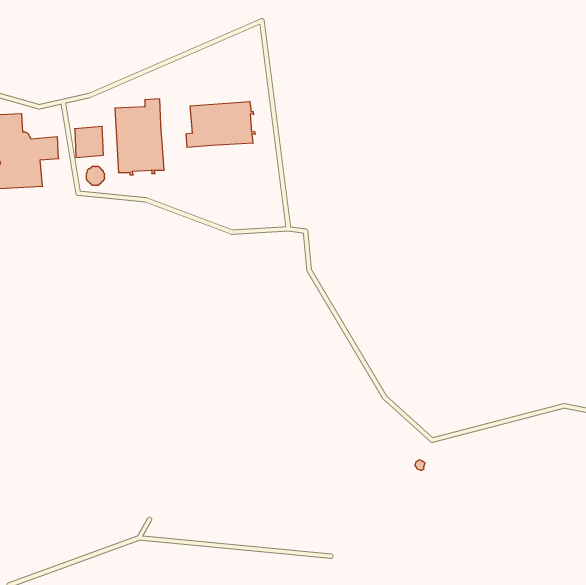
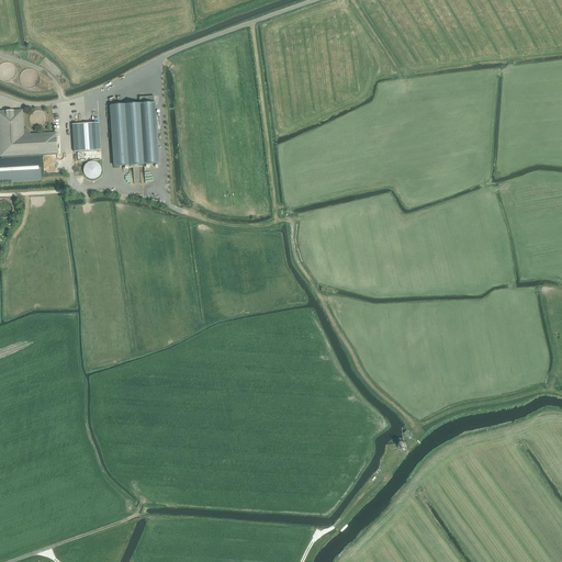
building: [186,101,255,147] -> none

